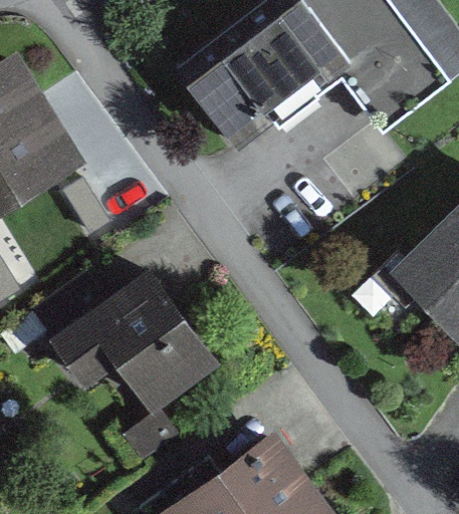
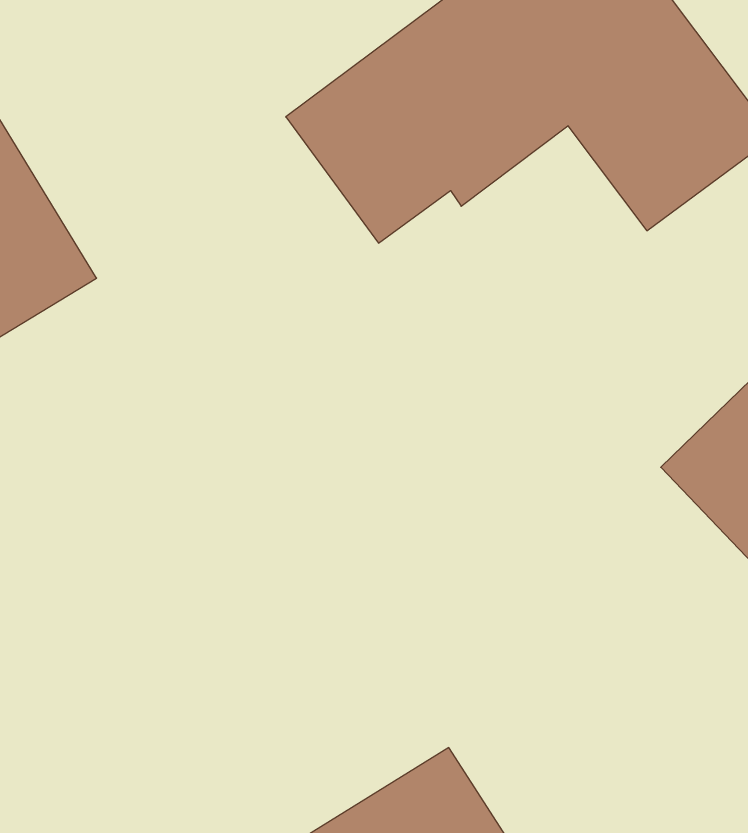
building: [44,275,215,468] -> none

